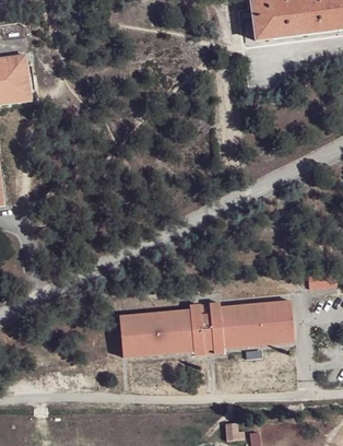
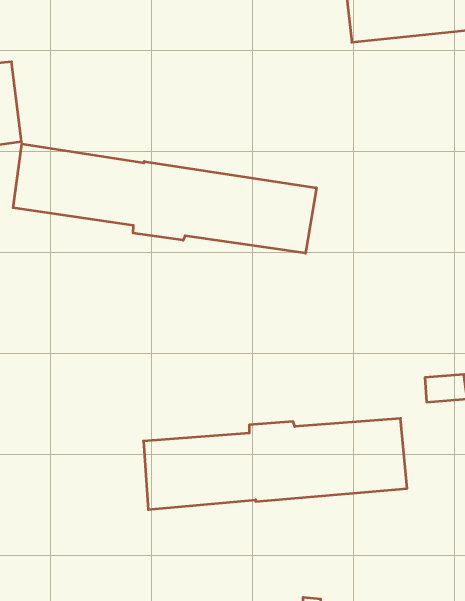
building: none -> [13,144,316,253]

